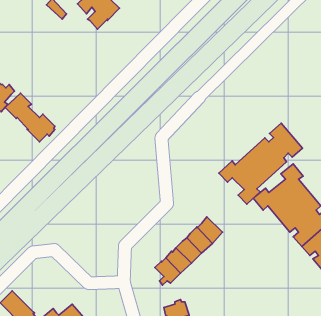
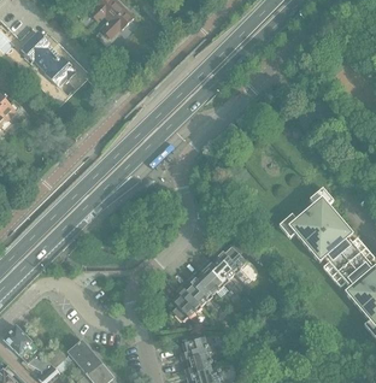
building: [5,93,55,142] -> [20,33,75,86]
building: [219,123,303,204] -> none

